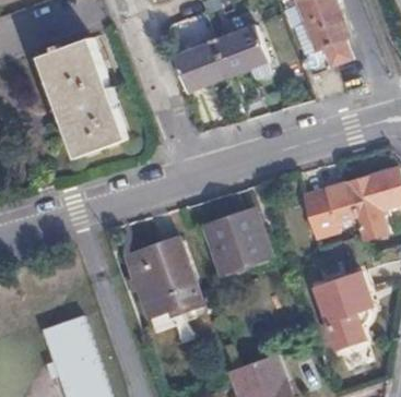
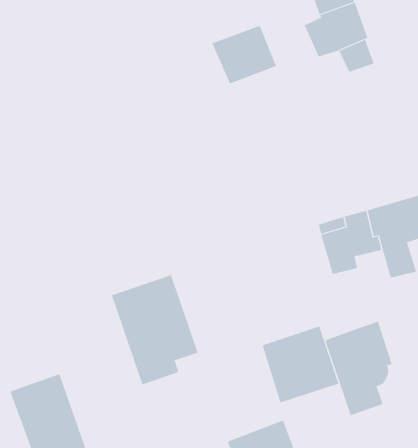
building: [44,38,133,158] -> none
building: [174,38,228,88] -> none
building: [204,206,270,272] -> [262,326,339,403]

